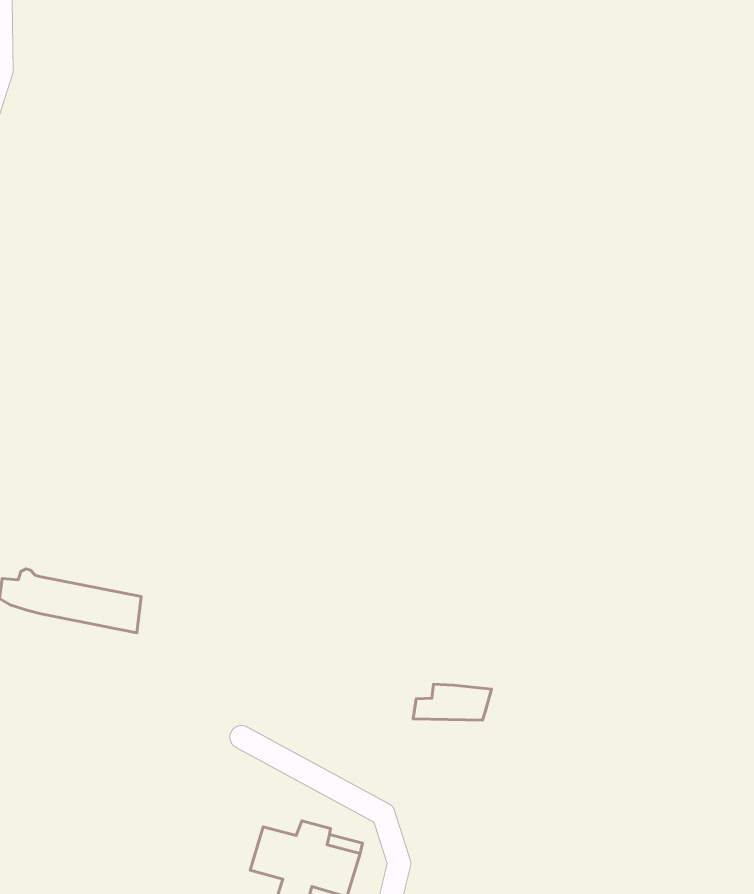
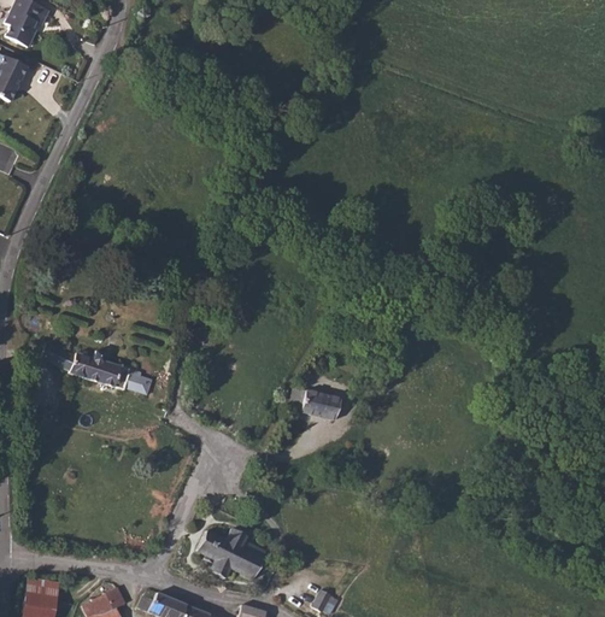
building: [413,684,492,720] -> [294,393,345,419]

